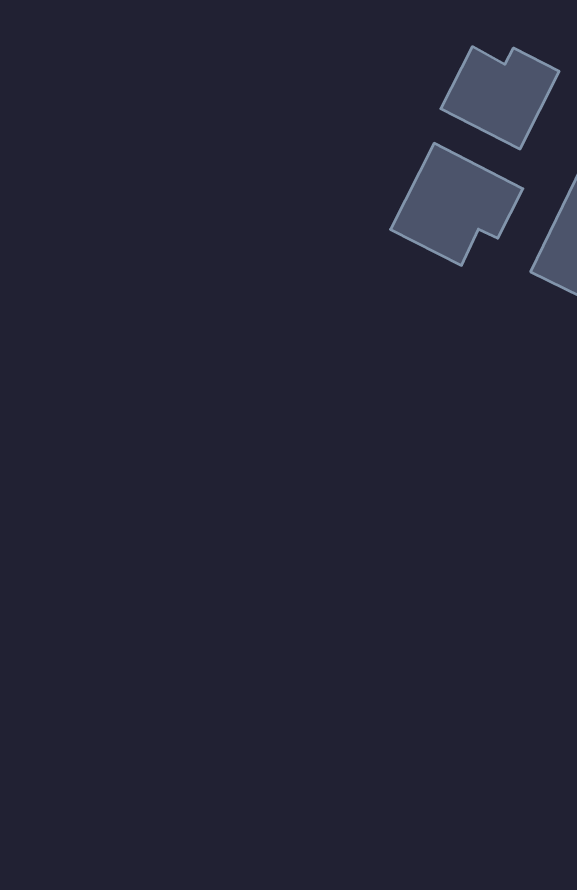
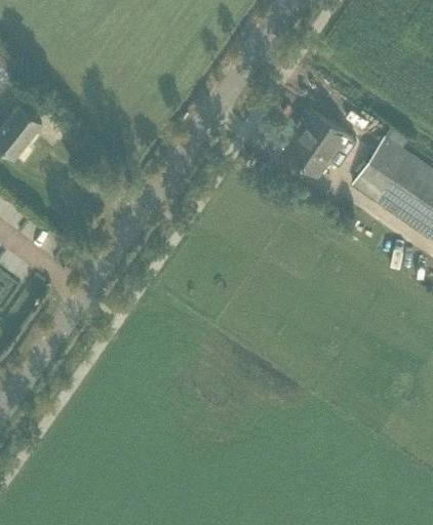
building: [441,47,559,149] -> none

